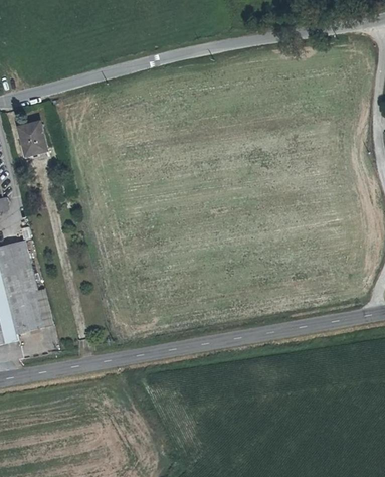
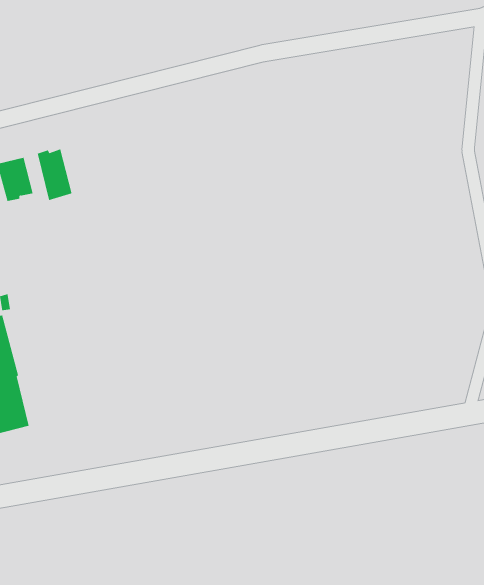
building: none -> [37,149,72,201]

